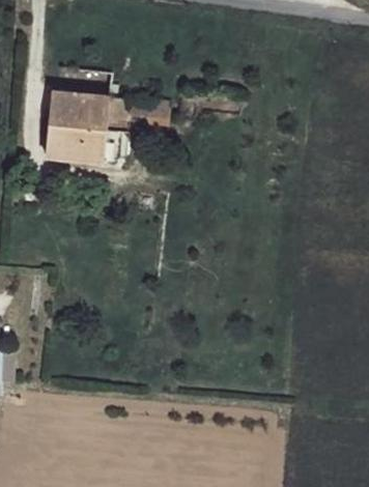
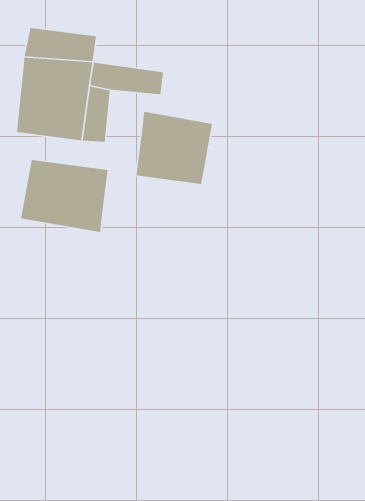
building: none -> [135,111,213,185]
building: none -> [20,159,109,233]

